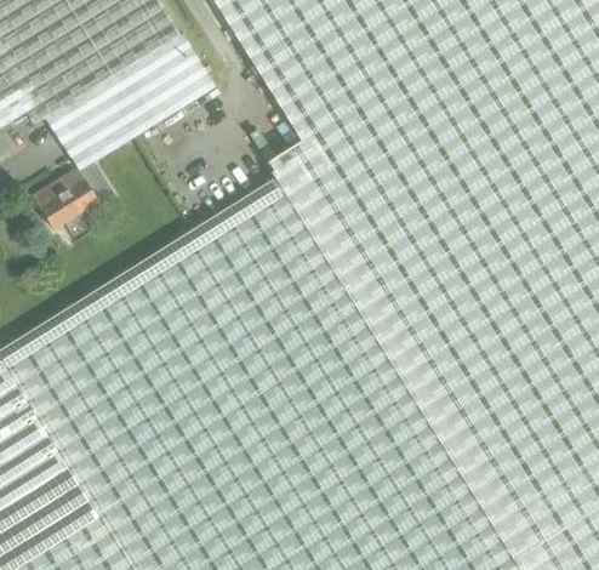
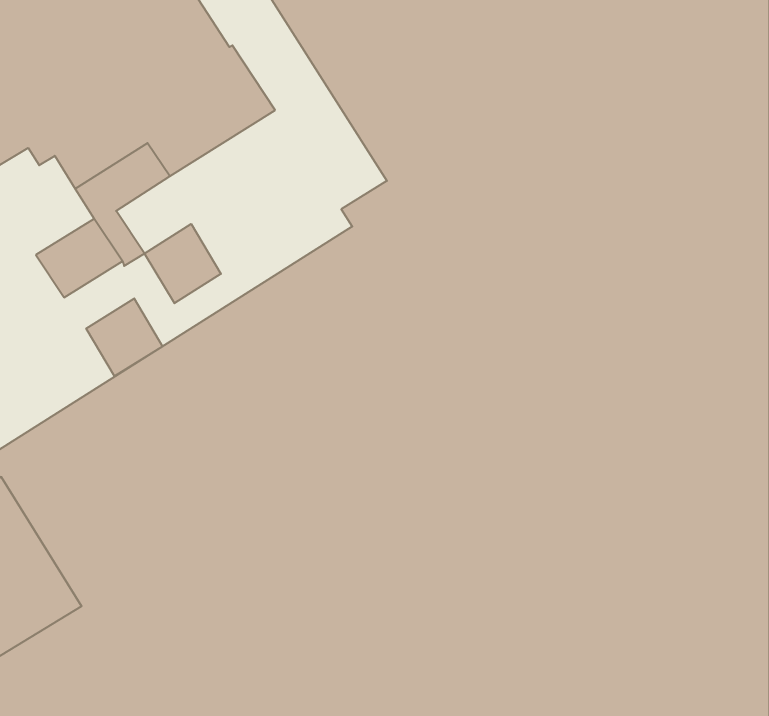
building: none -> [144,224,221,303]
building: none -> [86,298,162,376]

